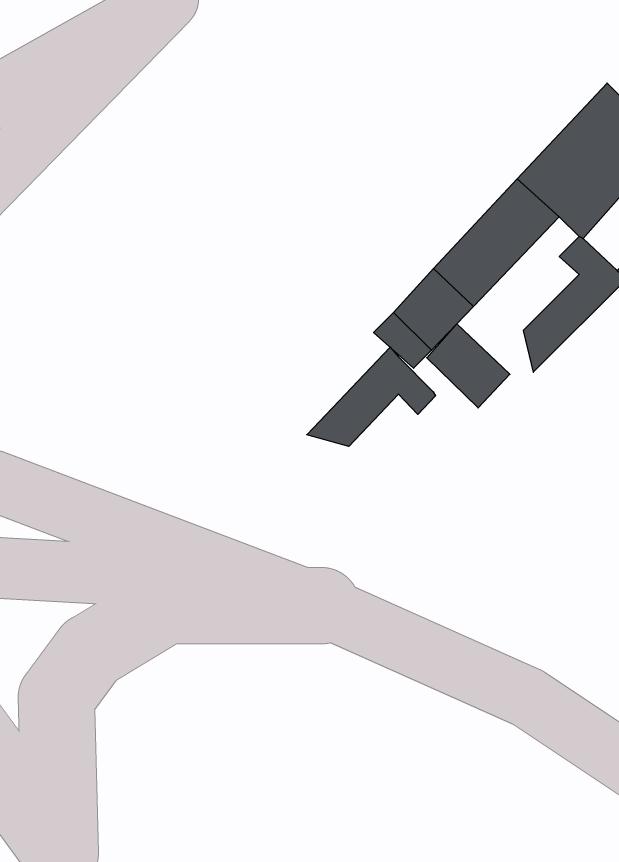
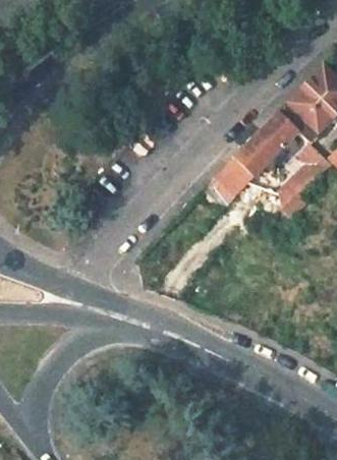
building: [427,324,510,408] -> none
building: [307,347,436,446] -> none

